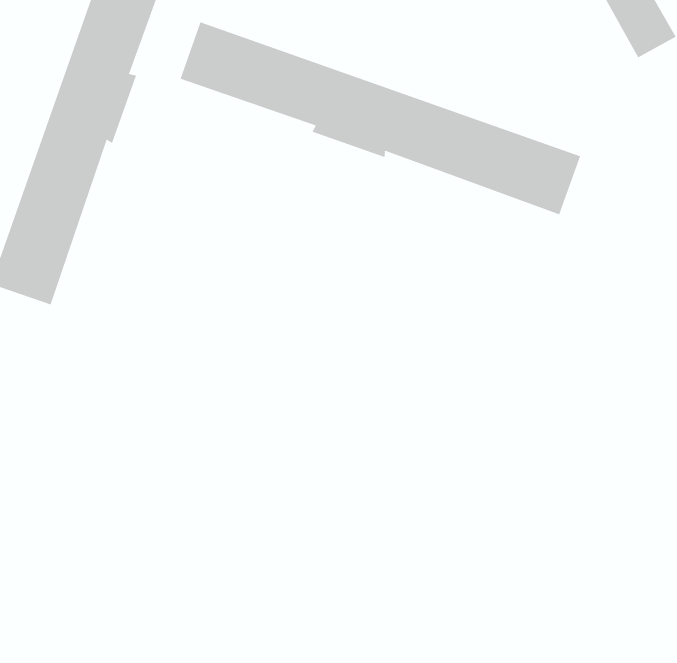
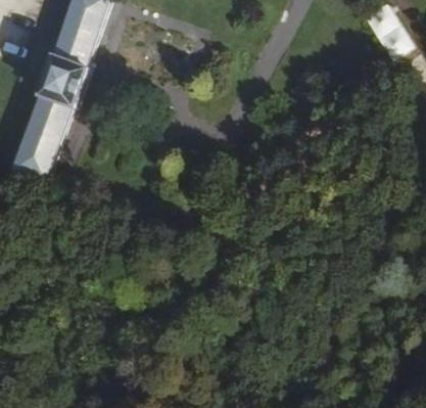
building: [180,22,581,215] -> none

